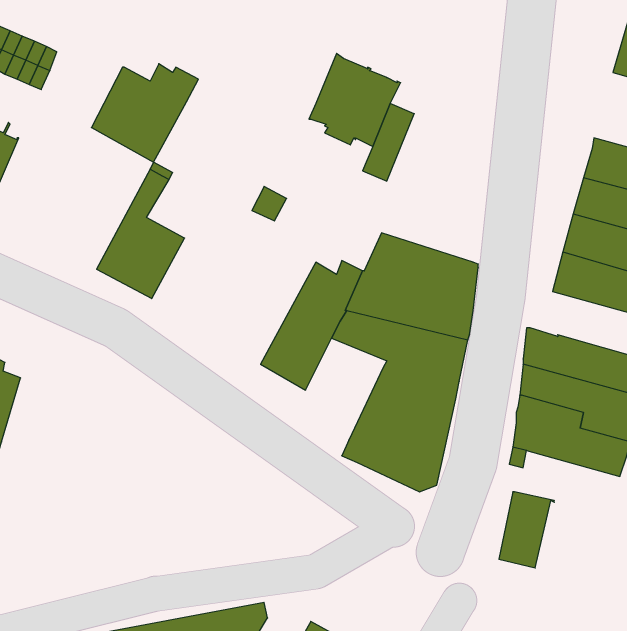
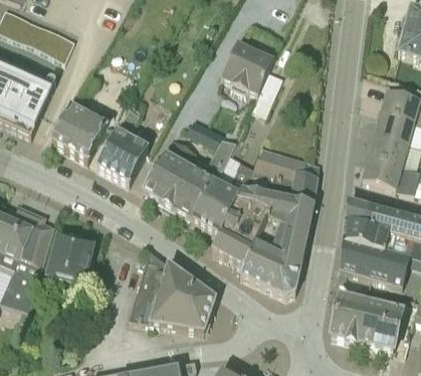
building: [91,64,198,162] -> [52,102,115,159]
building: none -> [143,134,236,219]
building: none -> [212,204,266,263]
building: none -> [48,234,94,281]
building: none -> [129,247,216,330]
building: none -> [353,299,402,347]

